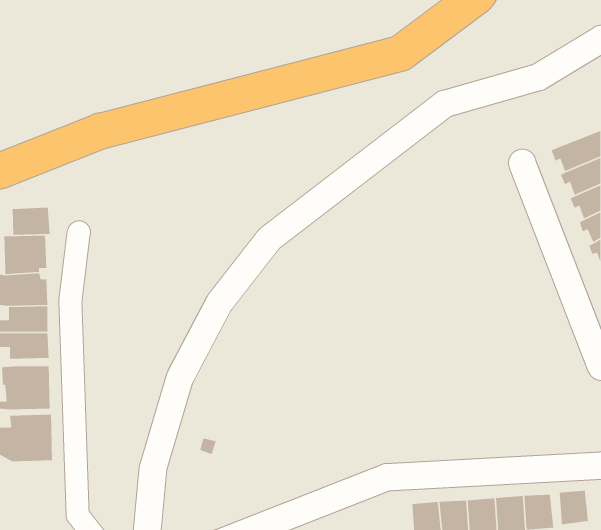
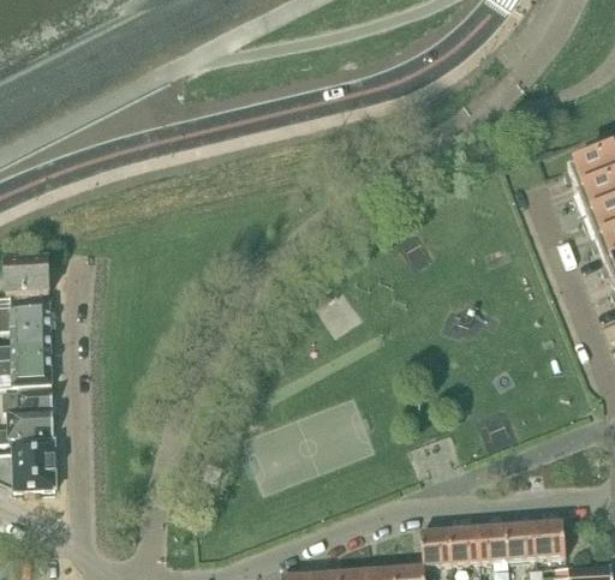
building: [12,207,51,235] -> none
building: [559,490,589,525] -> none

